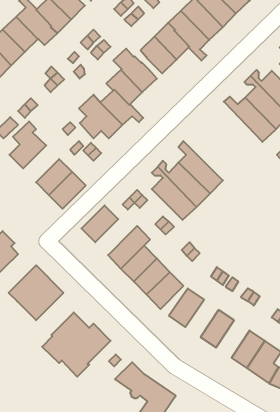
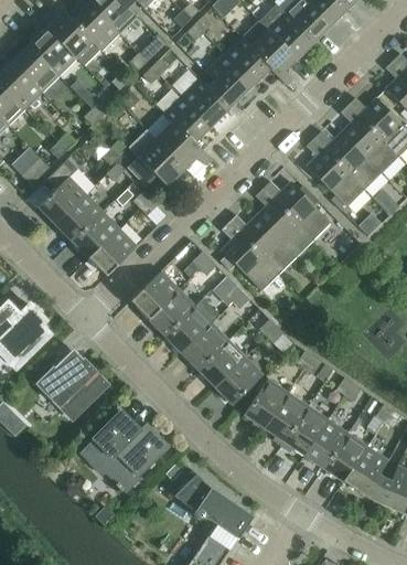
building: none -> [307,138,364,206]
building: none -> [263,181,331,239]
building: none -> [56,194,103,242]
building: none -> [149,289,195,335]
building: none -> [265,393,308,441]
building: none -> [304,419,347,468]

